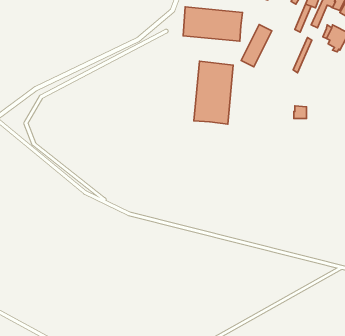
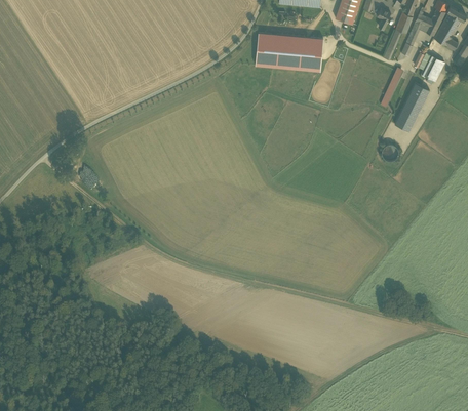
building: [241,24,272,67] -> [394,83,429,131]
building: [194,61,233,124] -> none

